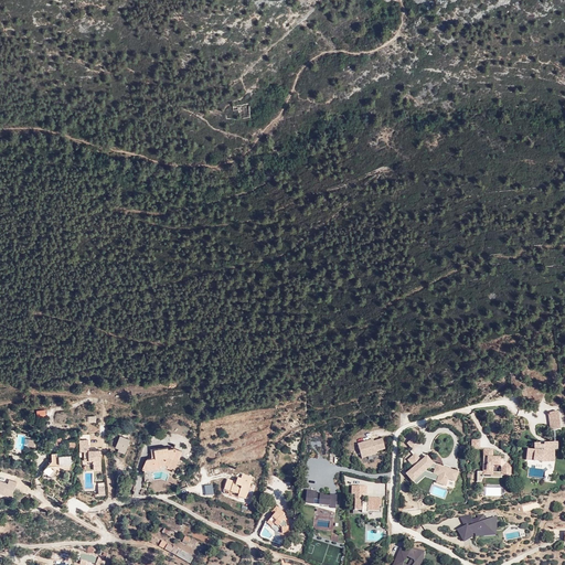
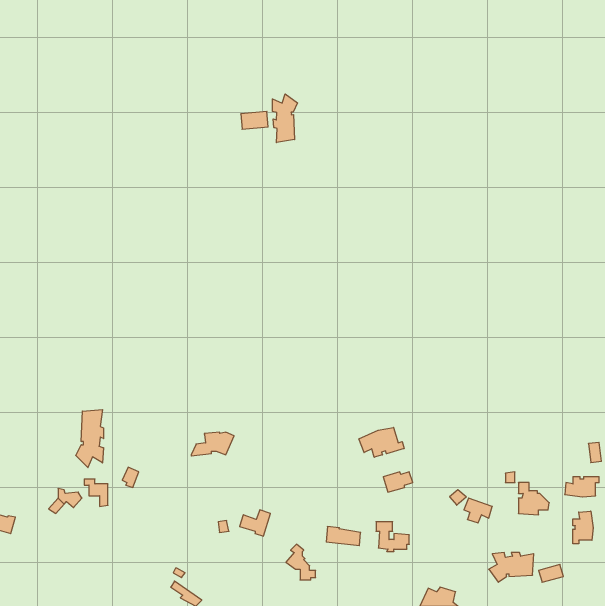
building: none -> [272,94,297,143]
building: none -> [76,410,104,468]
building: none -> [359,427,404,457]
building: [141,448,181,470] -> [191,432,234,456]
building: none -> [573,511,593,544]

